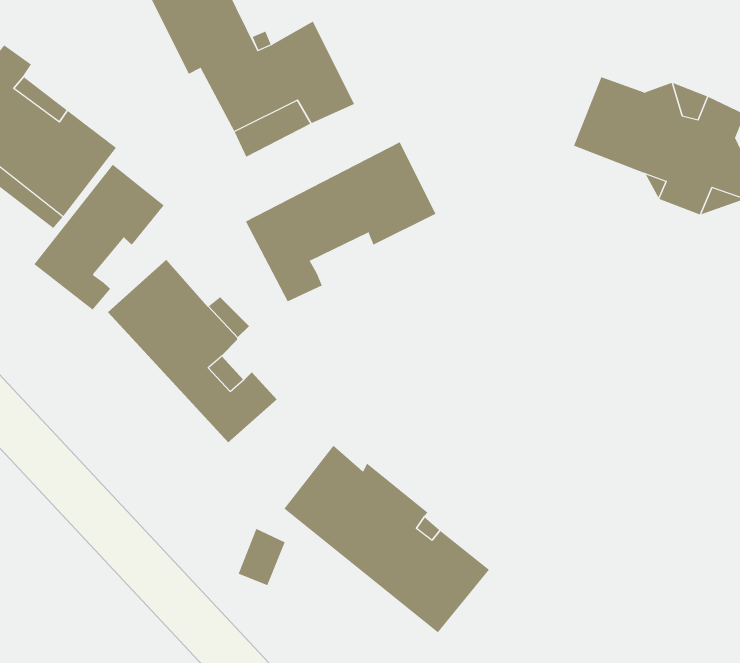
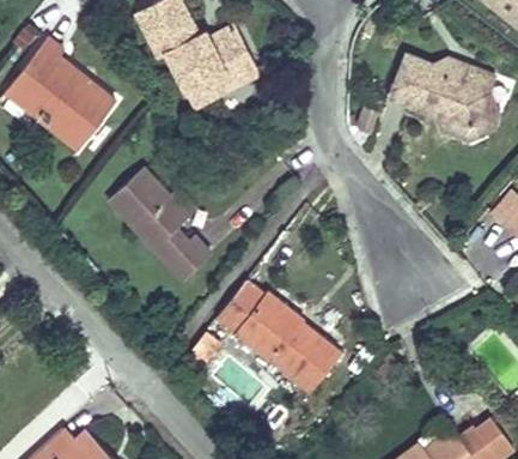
building: [245,142,436,302] -> none
building: [33,164,164,310] -> none

